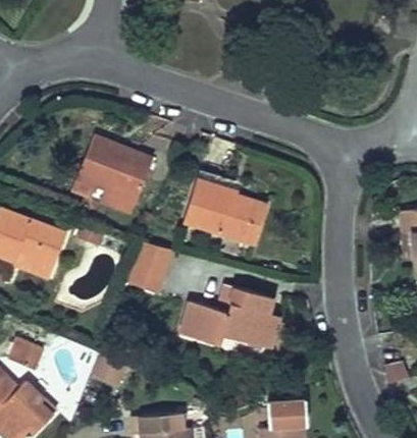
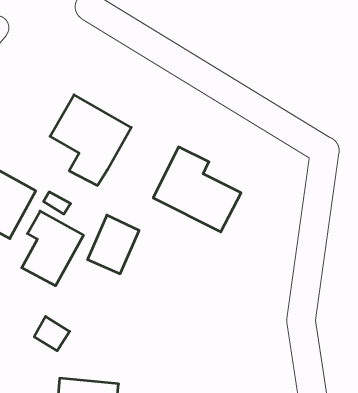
building: none -> [22,211,83,286]
building: [181,282,276,345] -> none

